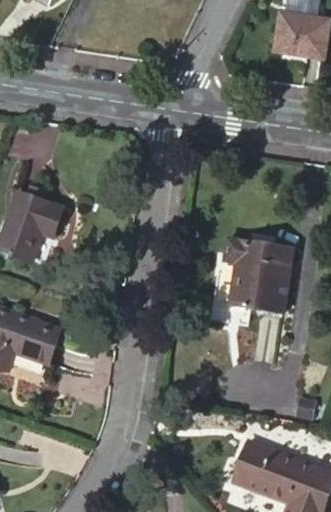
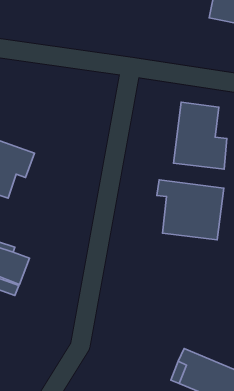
building: none -> [173,102,227,169]

